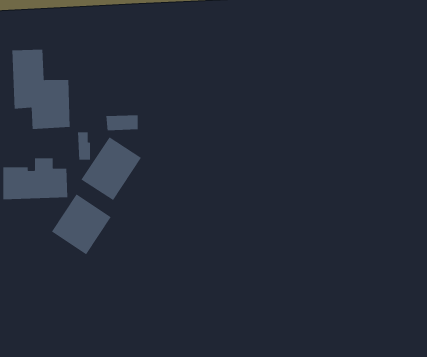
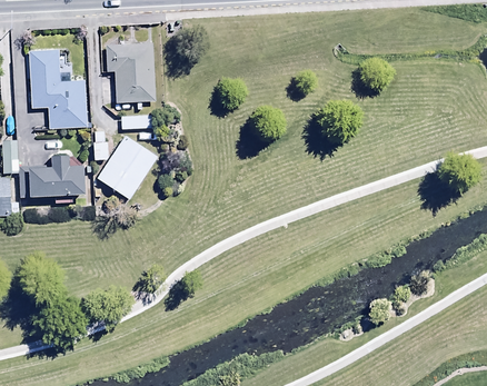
building: none -> [106,42,156,102]
building: [51,193,112,255] -> none

